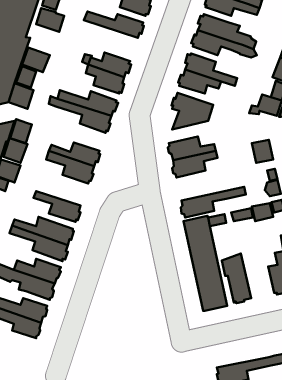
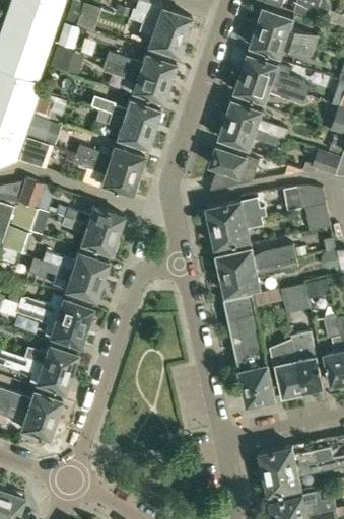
building: none -> [102,62,169,103]
building: none -> [296,186,325,209]
building: none -> [215,244,295,276]
building: none -> [49,252,109,282]
building: none -> [291,331,323,393]
building: none -> [258,446,332,473]

